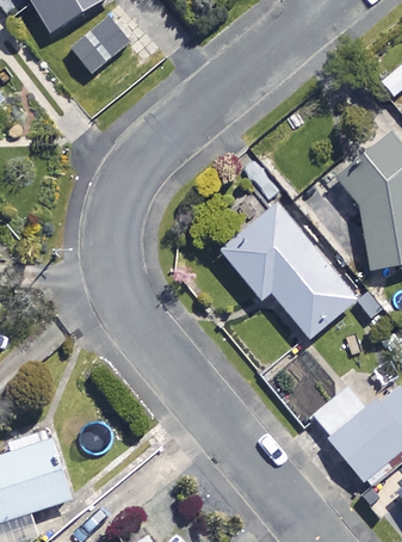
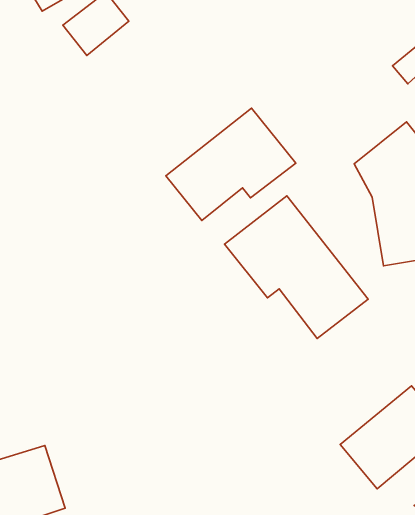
building: none -> [166,108,296,221]

